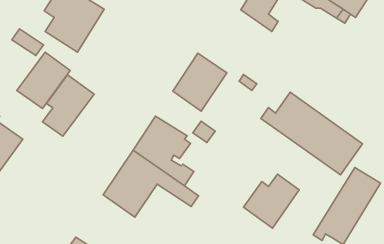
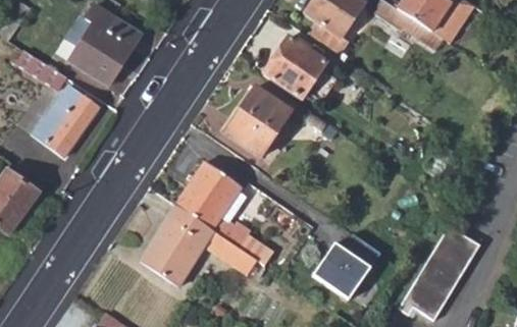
building: none -> [265,37,328,98]
building: [43,75,94,136] -> none
building: [261,92,362,175] -> none

